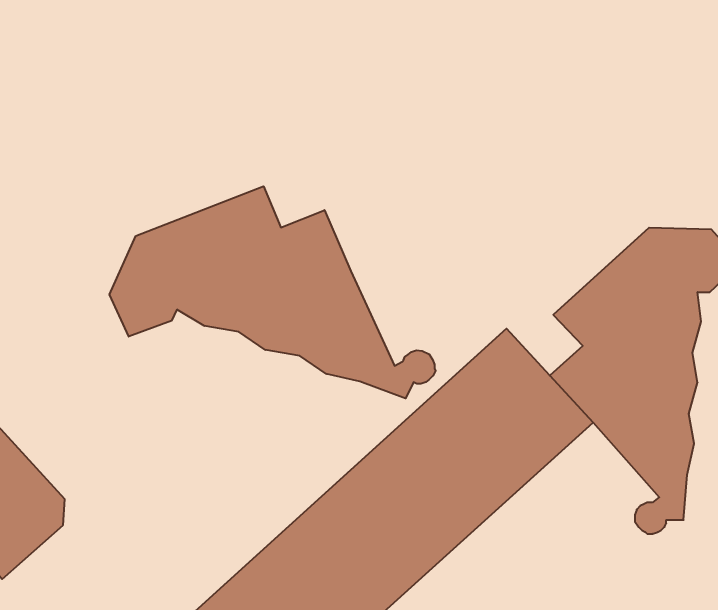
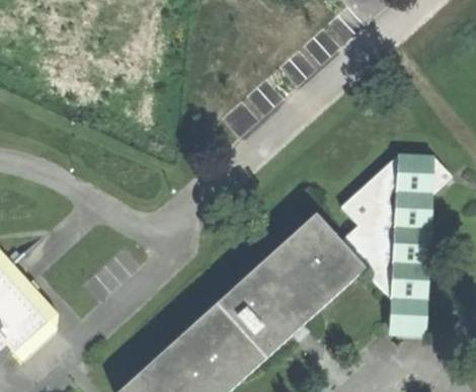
building: [110,186,436,398] -> none
building: none -> [396,192,432,335]

